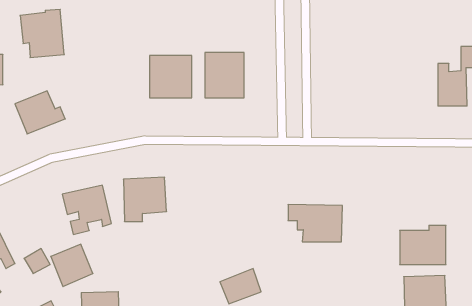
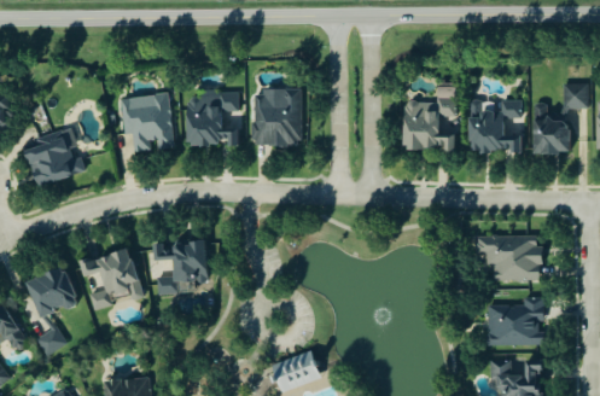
building: [20,9,64,58] -> [121,93,174,151]
building: none -> [403,85,455,151]
building: none -> [470,100,522,152]
building: [288,205,342,242] -> [476,235,541,280]
building: [51,244,93,287] -> [27,267,77,318]

